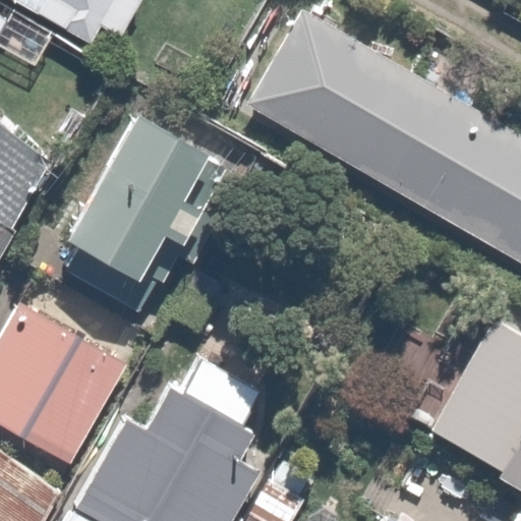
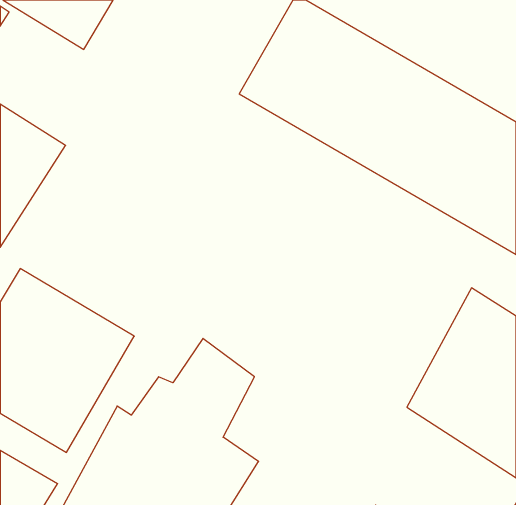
building: [63,102,235,316] -> none

